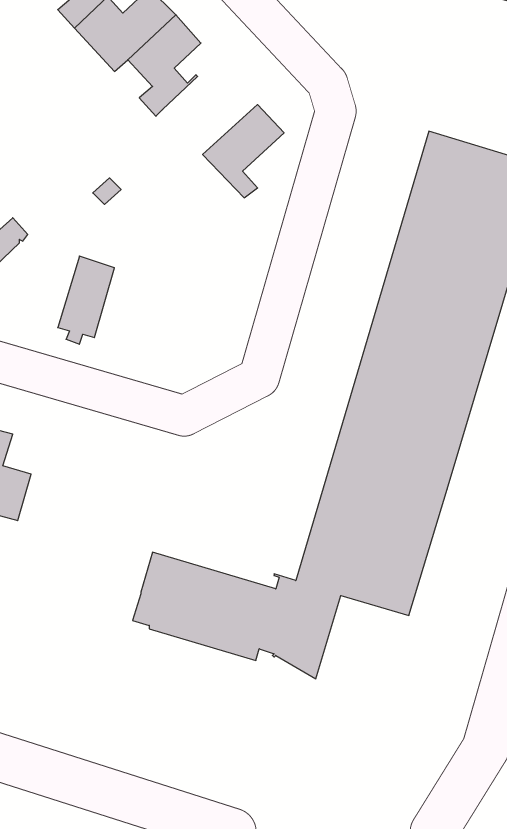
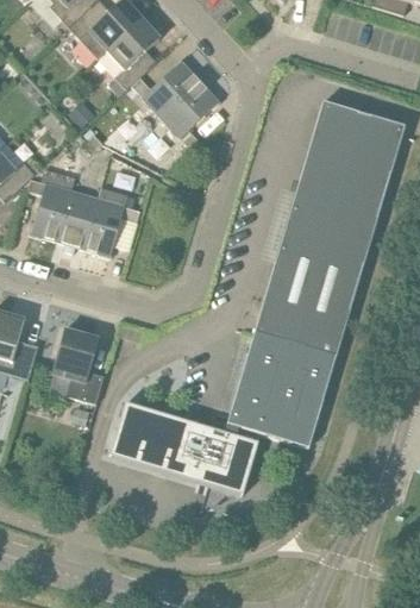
building: none -> [132,62,200,118]
building: none -> [27,178,73,242]
building: none -> [83,199,140,257]
building: none -> [51,330,104,403]

